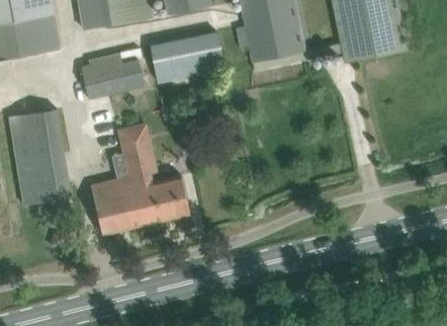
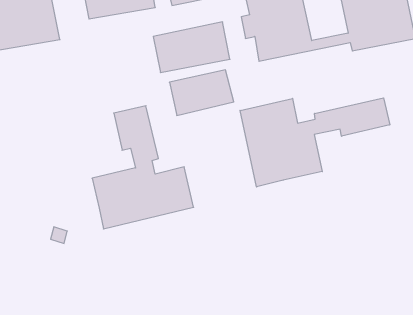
building: [81,53,144,97] -> [169,70,234,115]
building: [5,94,72,206] -> none
building: none -> [240,98,390,187]

